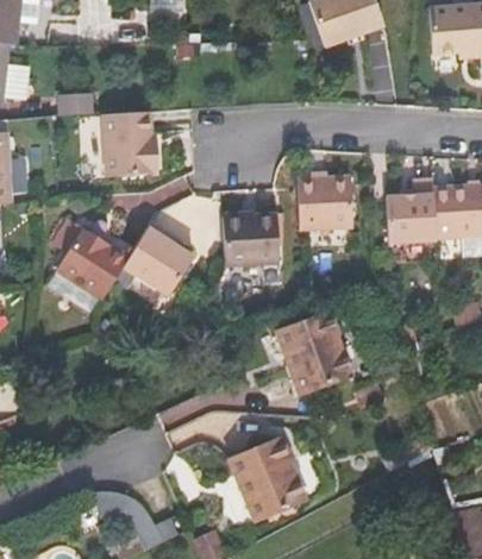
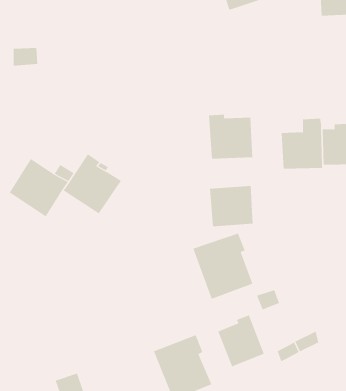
building: [101,111,158,177] -> none
building: [223,213,276,263] -> [209,186,253,227]
building: none -> [218,314,264,367]

